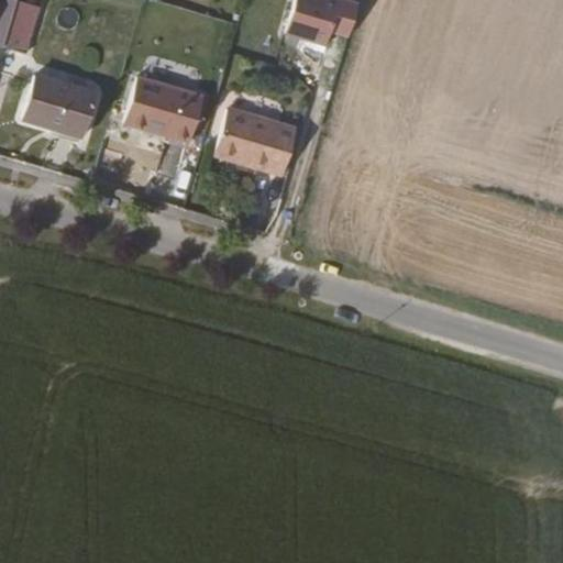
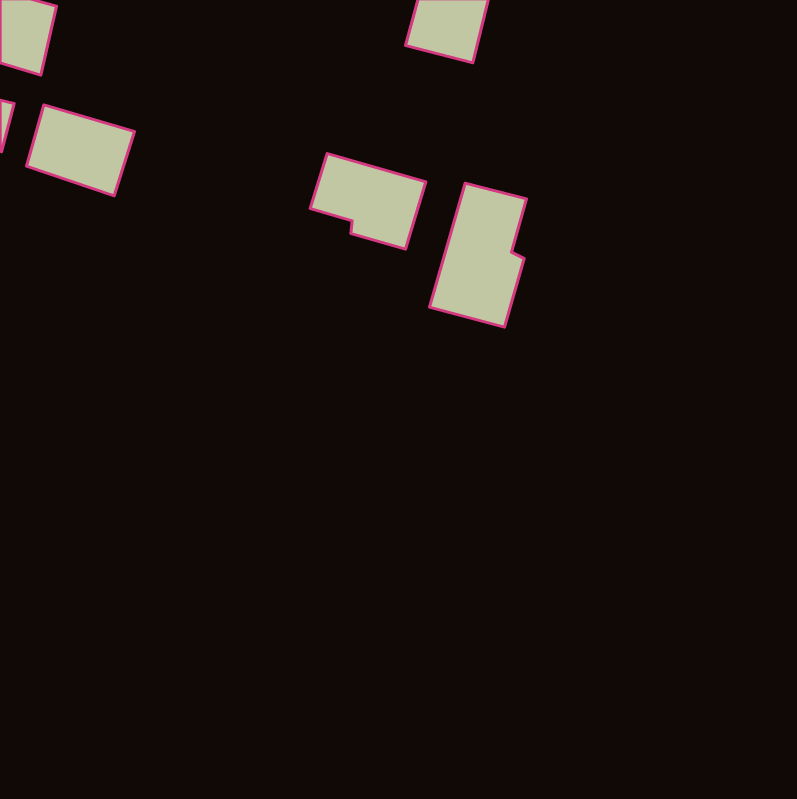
building: [123,76,202,143] -> none
building: none -> [430,183,526,327]

